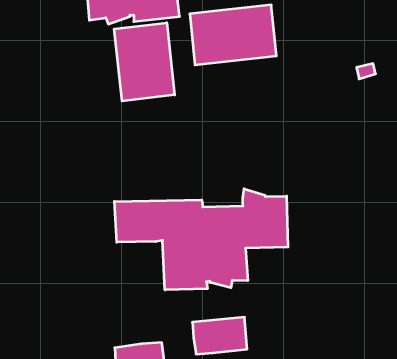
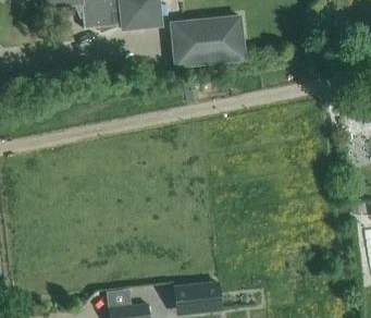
building: [114,23,175,101] -> none
building: [114,189,288,290] -> none

